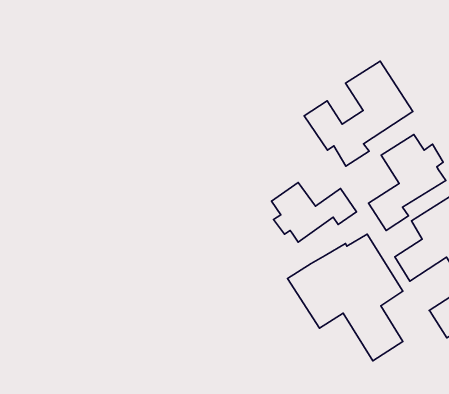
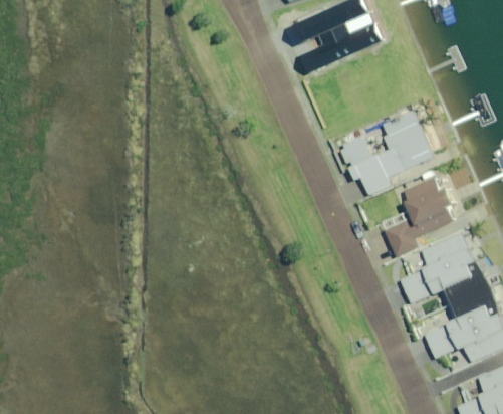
building: [271,182,357,242] -> none
building: [287,234,403,361] -> none

